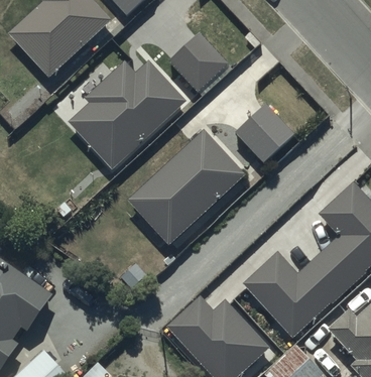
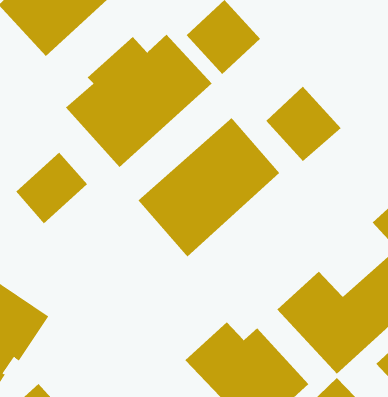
building: none -> [16,152,88,224]

